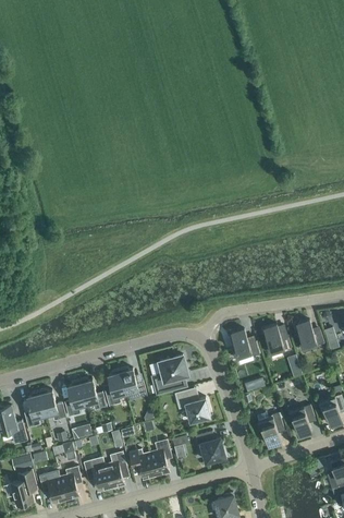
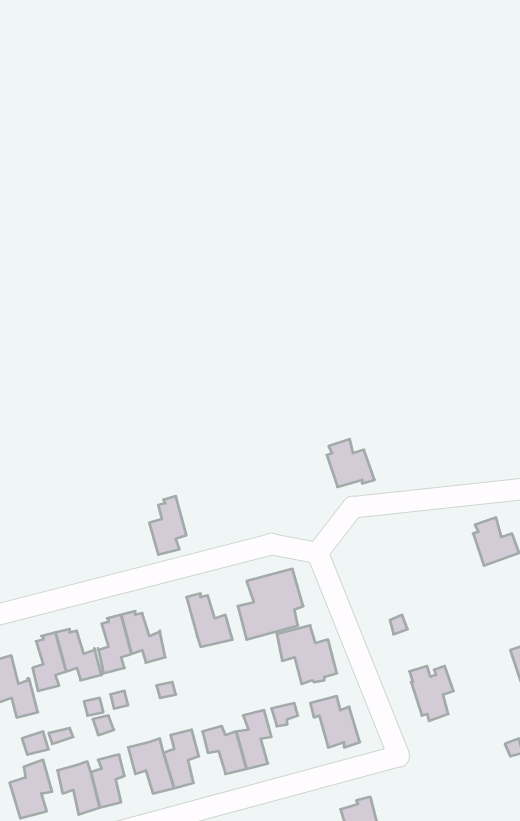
building: [262,325,291,354] -> none
building: [230,329,259,359] -> [327,439,375,487]
building: [102,370,125,406] -> [149,496,186,555]
building: [287,405,314,436] -> none

